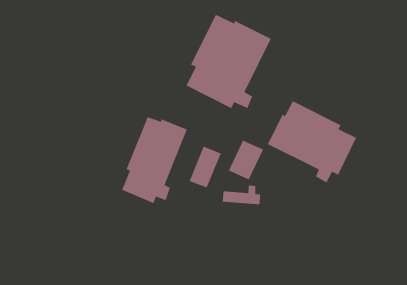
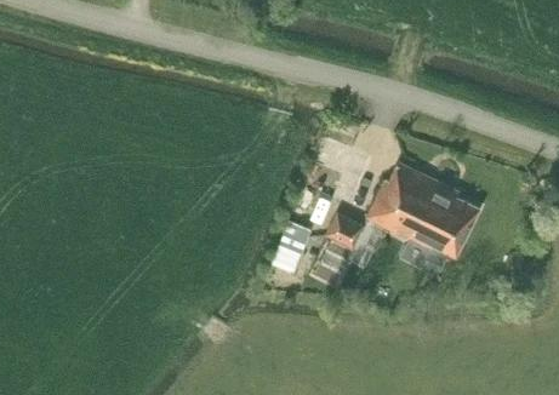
building: [185,14,272,109] -> none
building: [121,116,188,204] -> none

